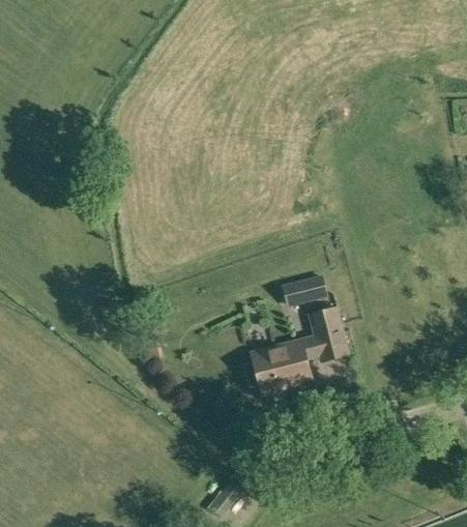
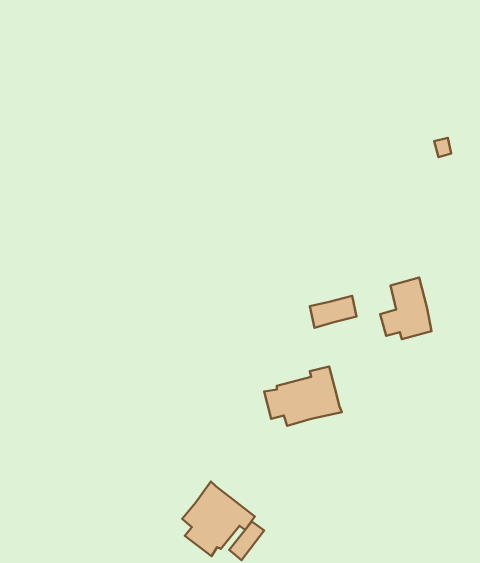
building: [301,306,348,362] -> [380,278,432,339]
building: none -> [182,481,255,556]

